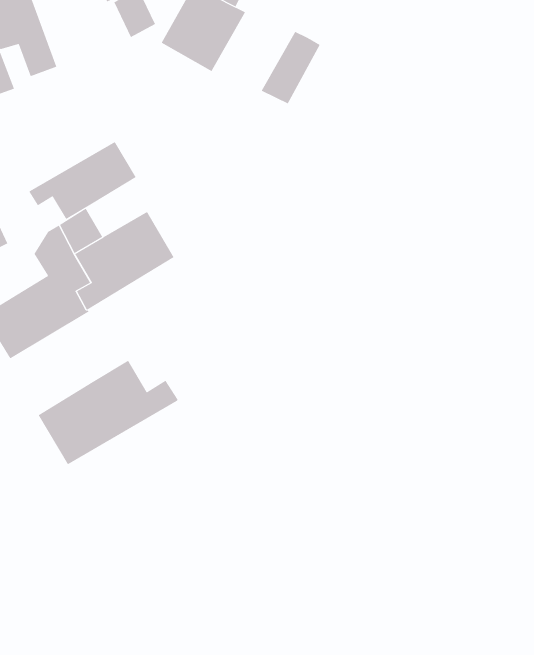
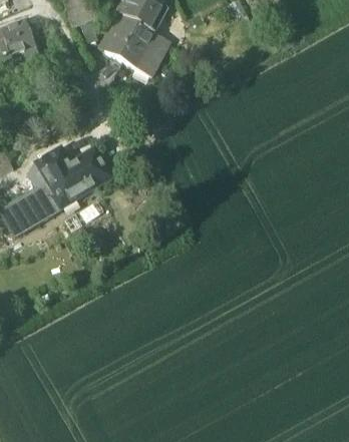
building: [261,31,320,104] -> [135,29,170,72]
building: [29,141,136,220] -> none
building: [38,360,178,465] -> none

